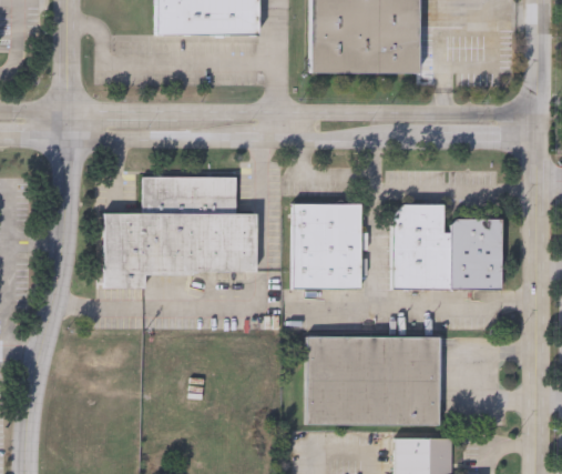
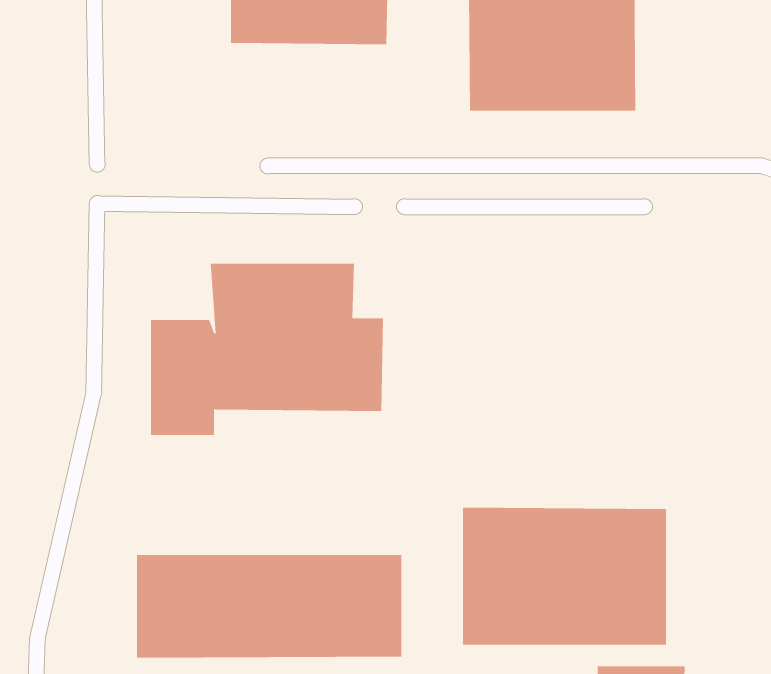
building: [293,202,361,289] -> none
building: [392,203,502,290] -> none
building: none -> [137,554,402,659]

